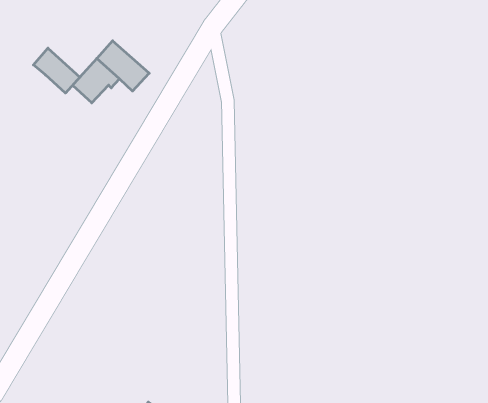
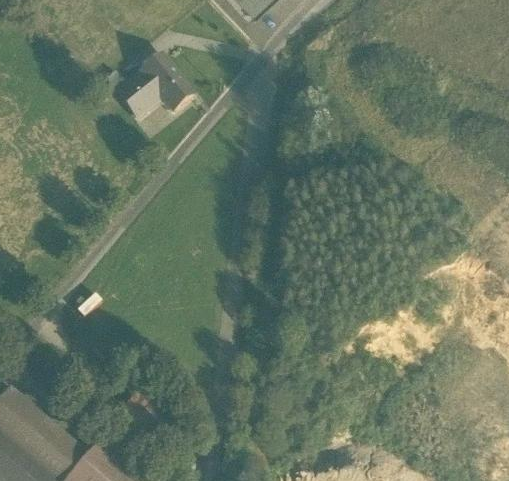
building: [33,48,80,93] -> none

